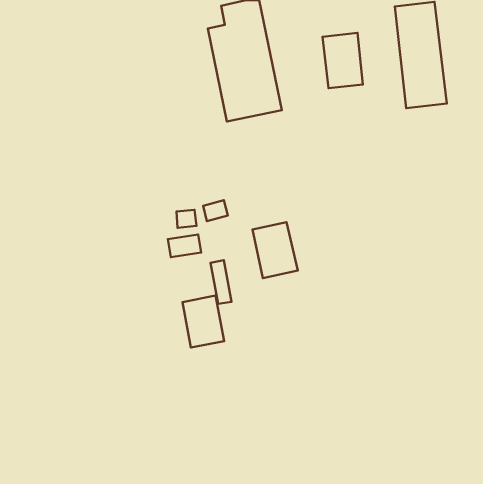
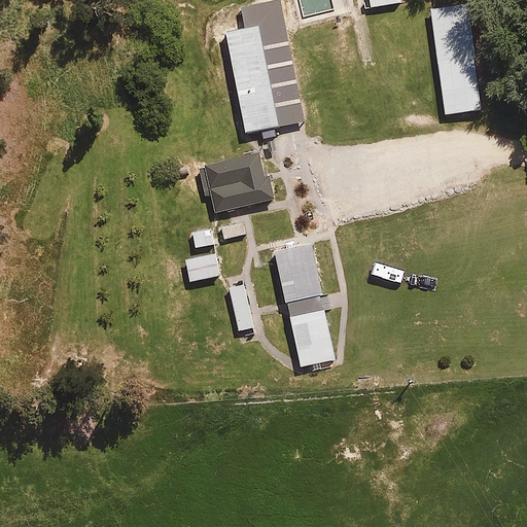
building: [323,33,363,88] -> none
building: none -> [201,147,279,219]
building: [182,295,224,348] -> [288,310,333,366]

